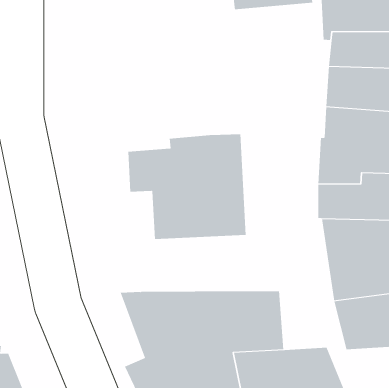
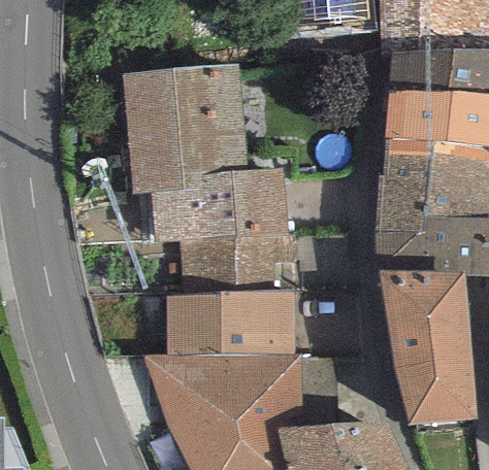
building: none -> [123,65,249,194]
building: none -> [167,290,295,356]

